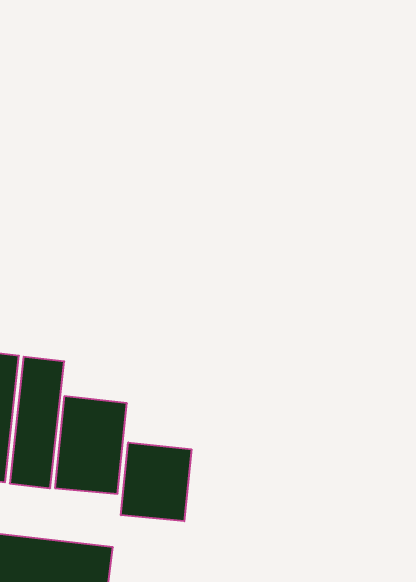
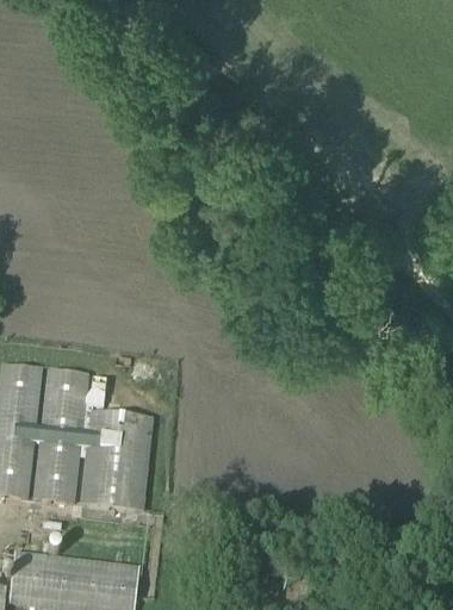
building: [121,442,191,521] -> none

